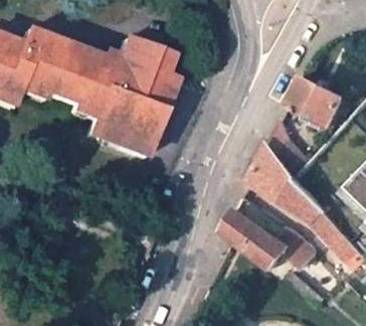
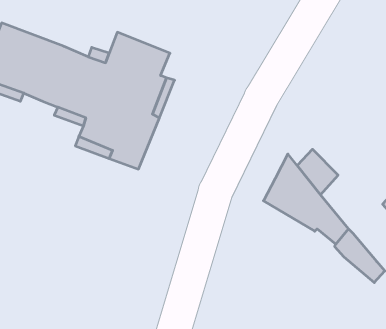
building: [286,76,339,124] -> none
building: [219,209,313,267] -> none

